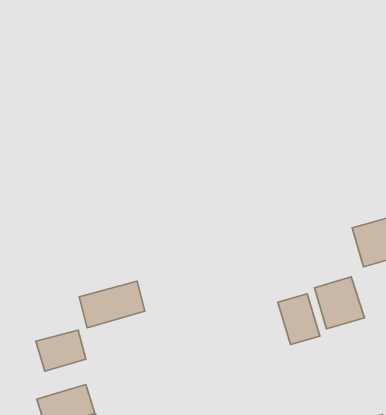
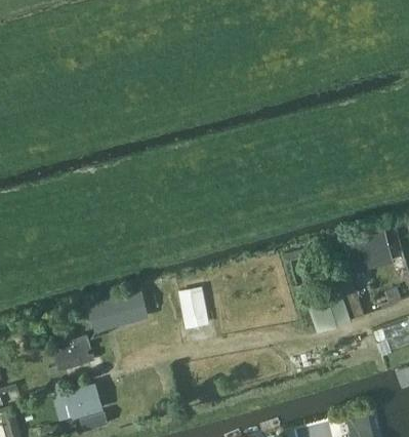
building: none -> [178,288,207,329]
building: [278,294,320,345] -> none

